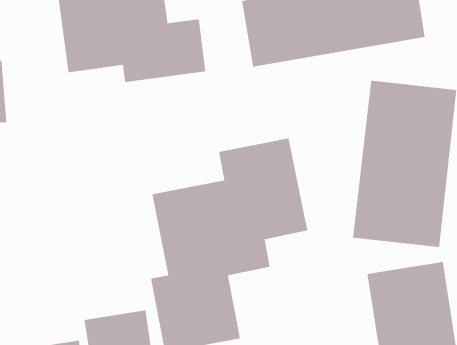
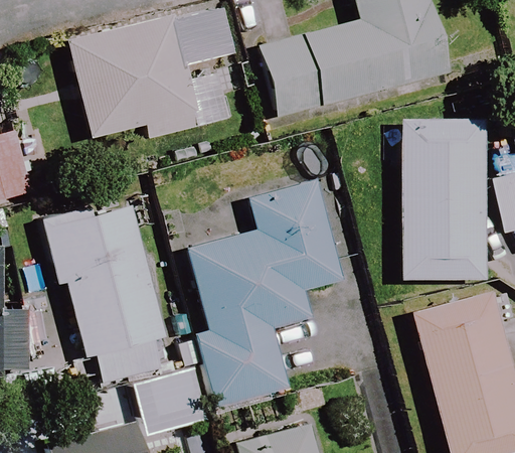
building: none -> [50,195,169,359]

